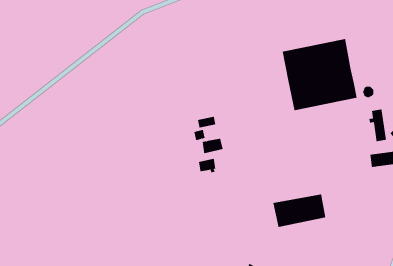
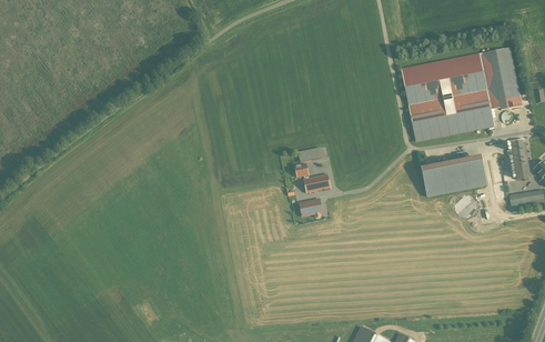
building: none -> [478,48,519,110]
building: [272,194,326,228] -> [420,155,485,197]

